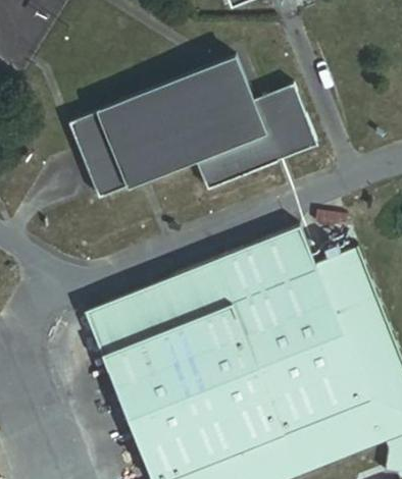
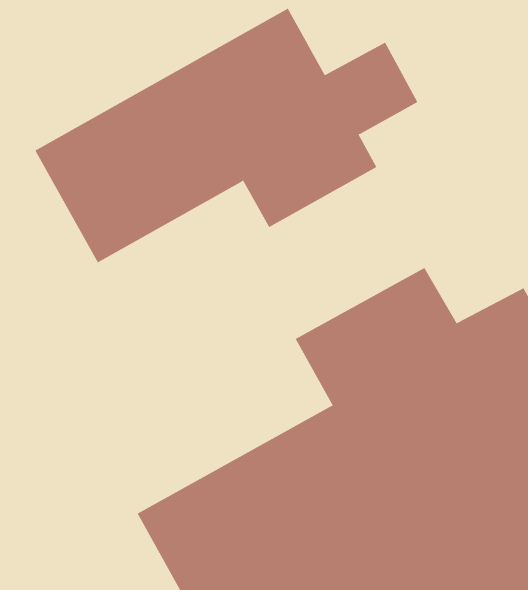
building: [268,125,316,162] -> none
building: [84,261,230,356] -> none

